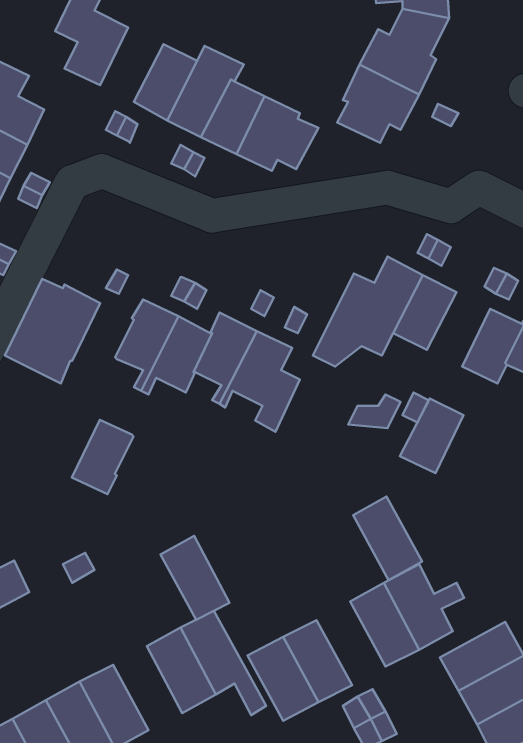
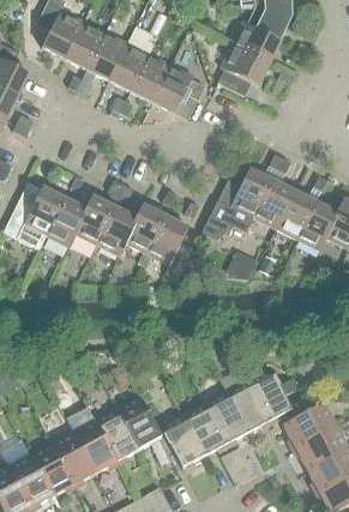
building: none -> [66,20,107,68]
building: [400,398,463,473] -> [276,191,317,239]
building: [72,420,134,494] -> [48,198,88,246]
building: [353,496,422,580] -> [205,390,249,444]
building: [161,536,230,620] -> [74,418,119,472]

